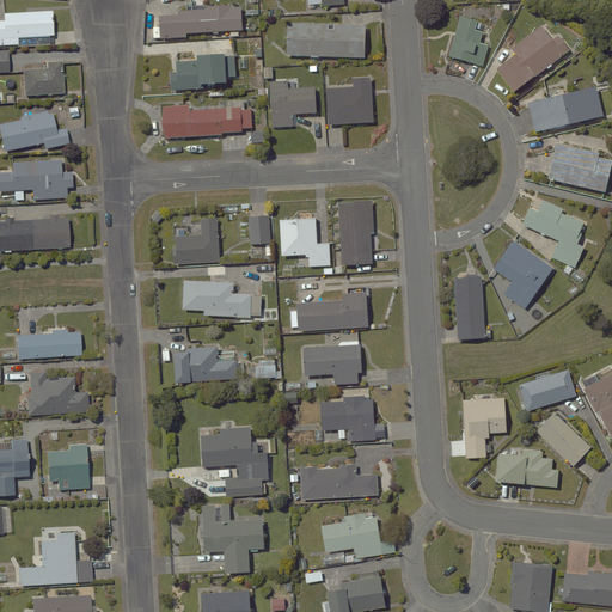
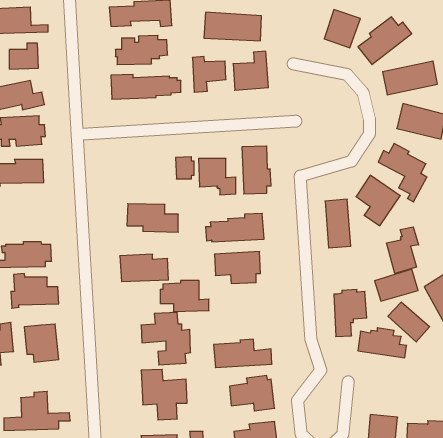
building: [172,216,220,264] -> none
building: none -> [387,227,419,273]
building: [319,398,385,440] -> [160,281,209,312]

